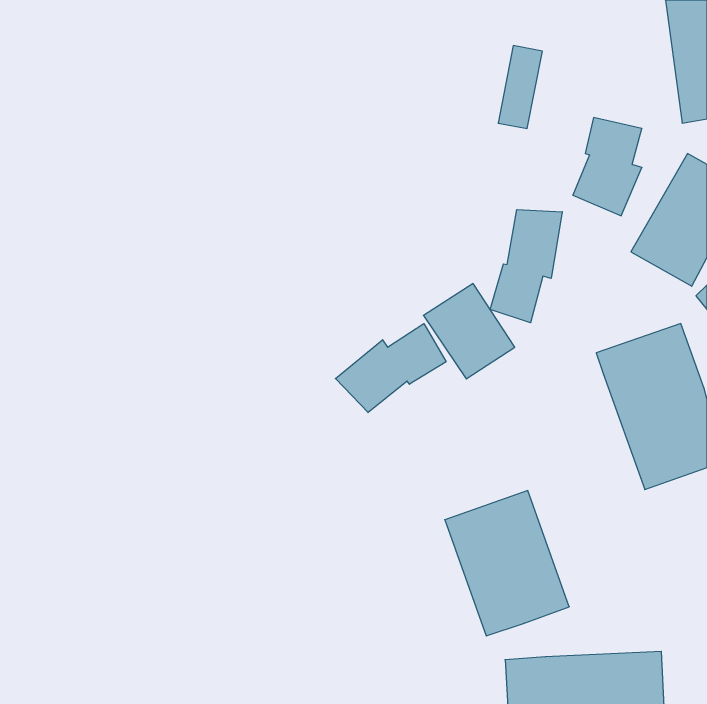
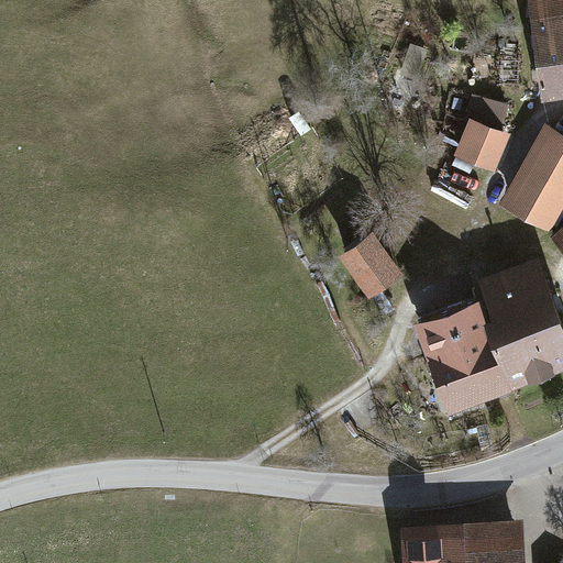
building: [490,210,562,323] -> none
building: [335,324,446,413] -> none
building: [445,491,569,636] -> [413,299,512,415]

